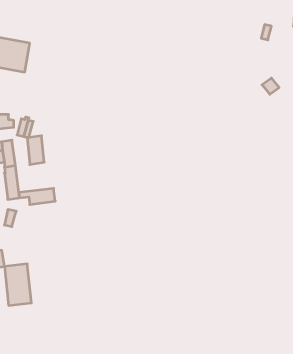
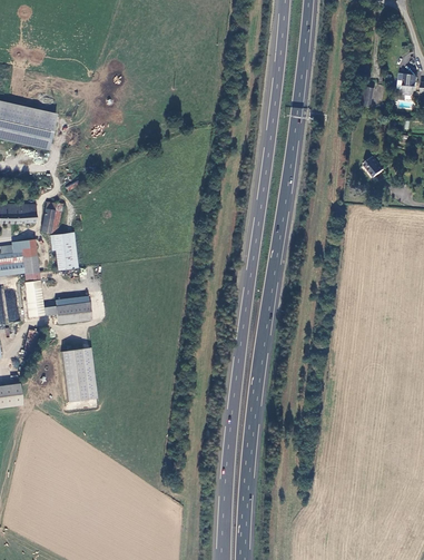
building: [4,264,31,305] -> [61,347,97,402]

